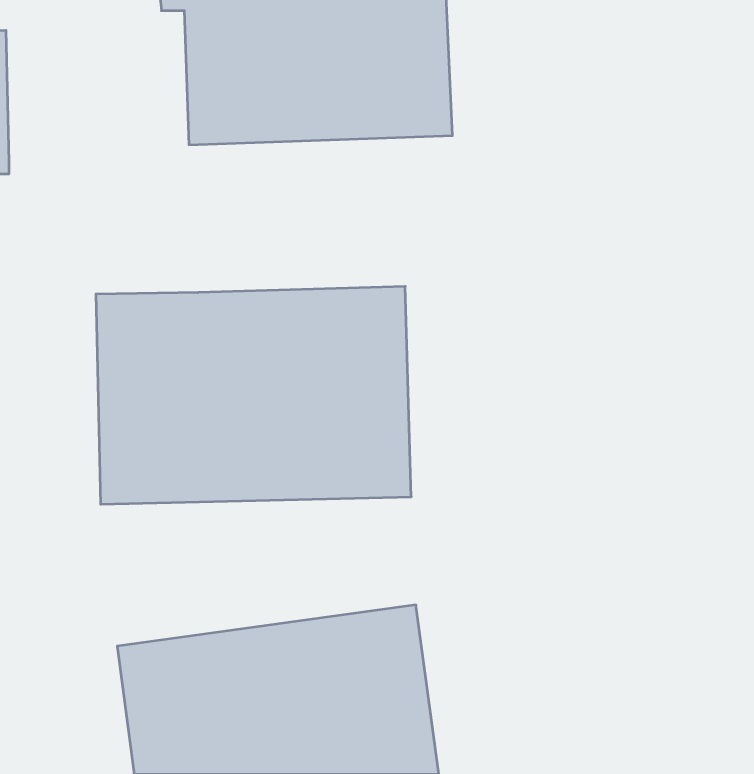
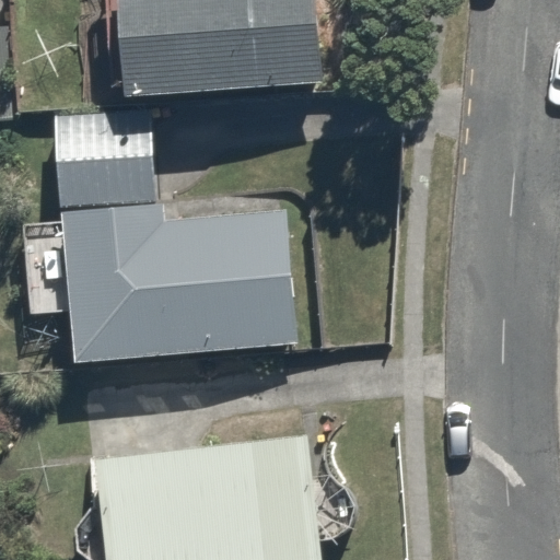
building: none -> [57,113,142,212]

